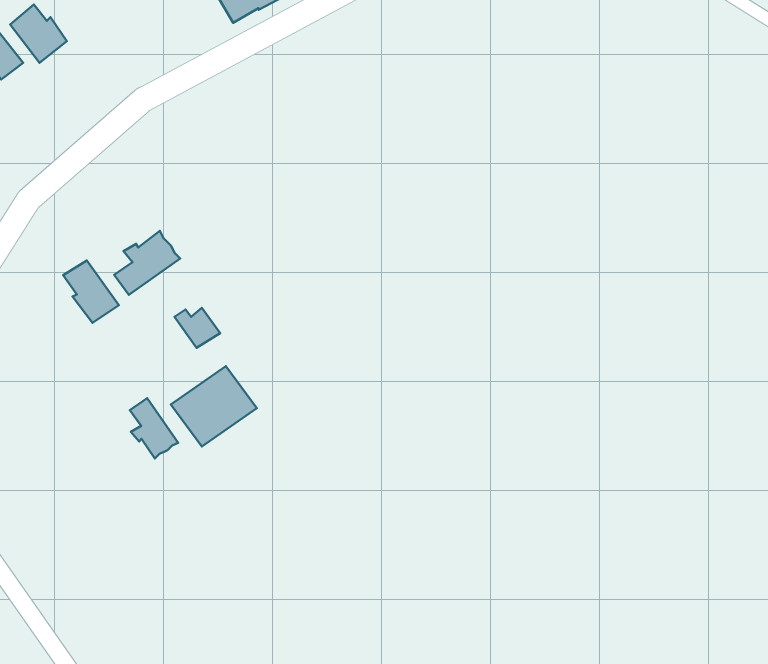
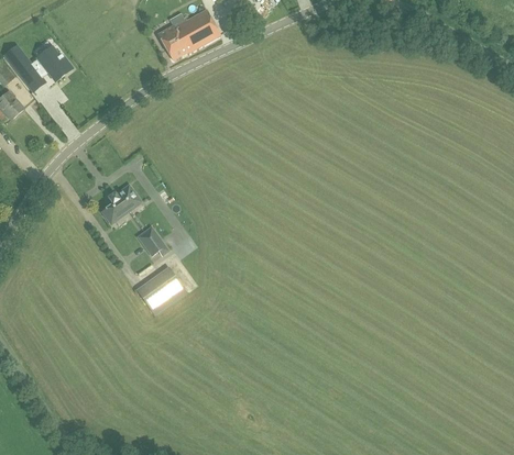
building: [63,260,119,323] -> none
building: [130,398,178,459] -> none

